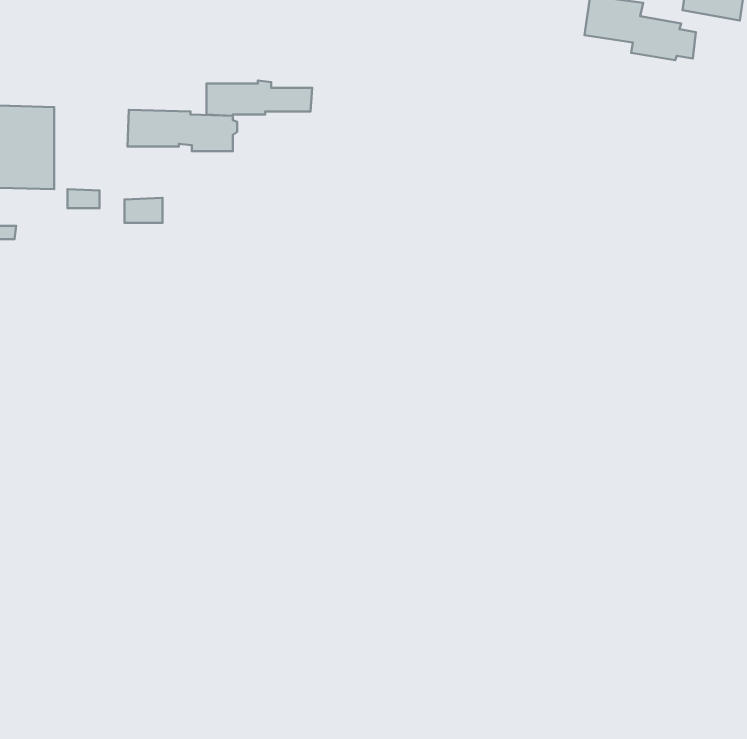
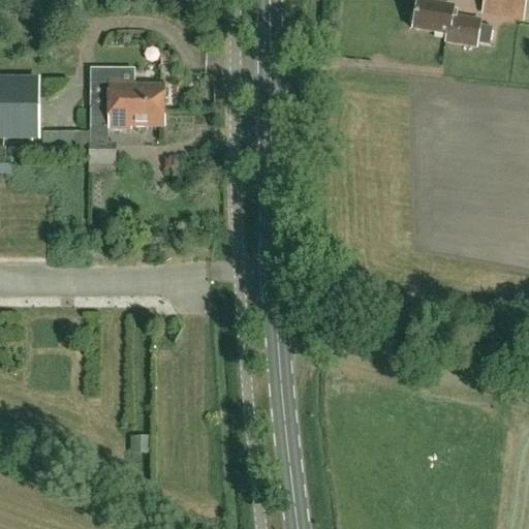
building: [207,81,312,116] -> [90,101,164,126]

